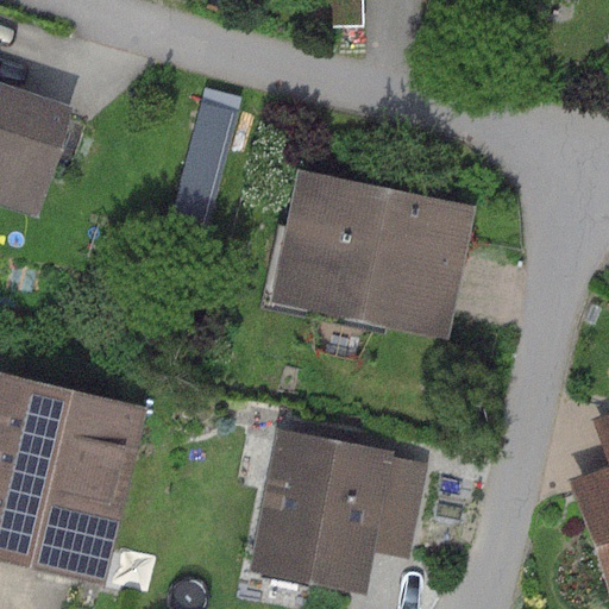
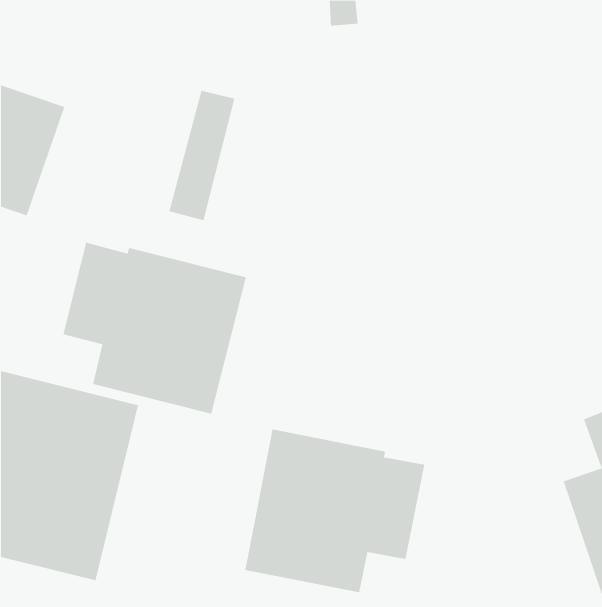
building: [268,169,471,337] -> none
building: none -> [63,242,247,415]

